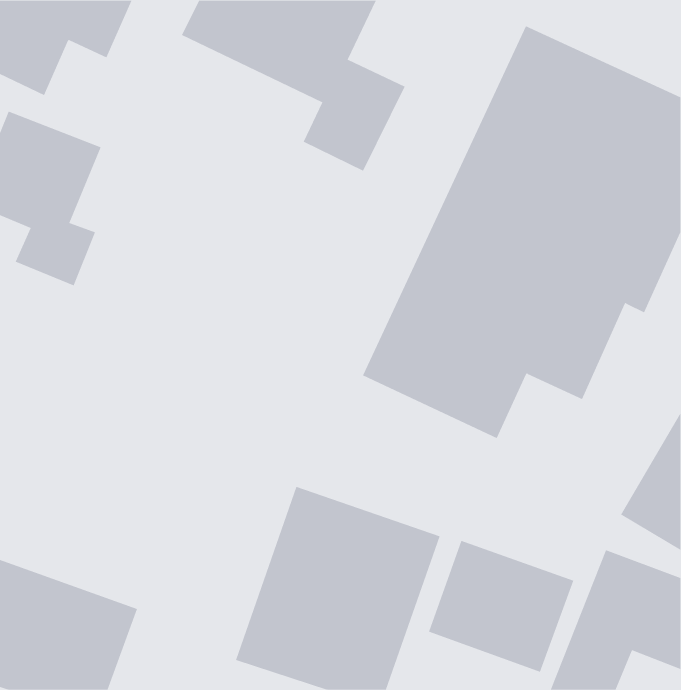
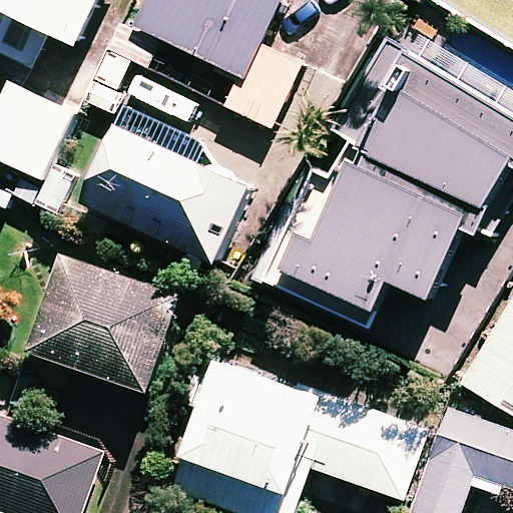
building: none -> [86,127,249,261]
building: none -> [33,254,182,390]

